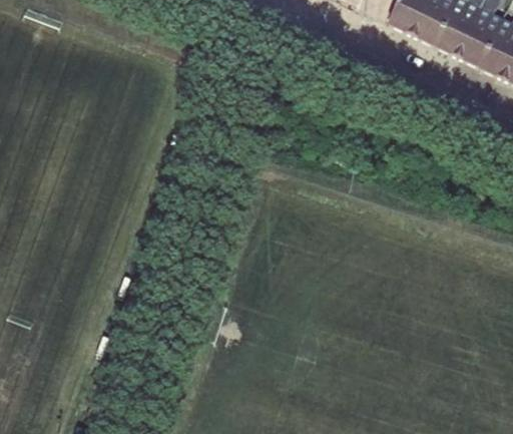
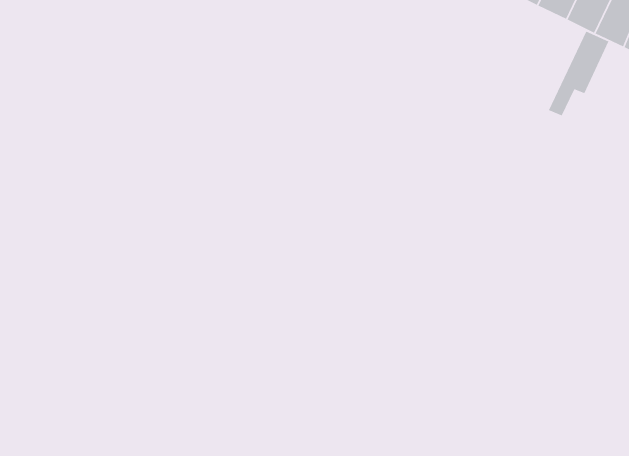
building: none -> [548,30,610,117]

